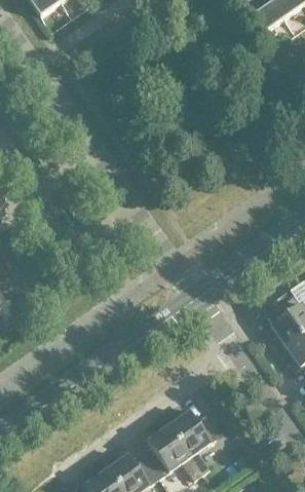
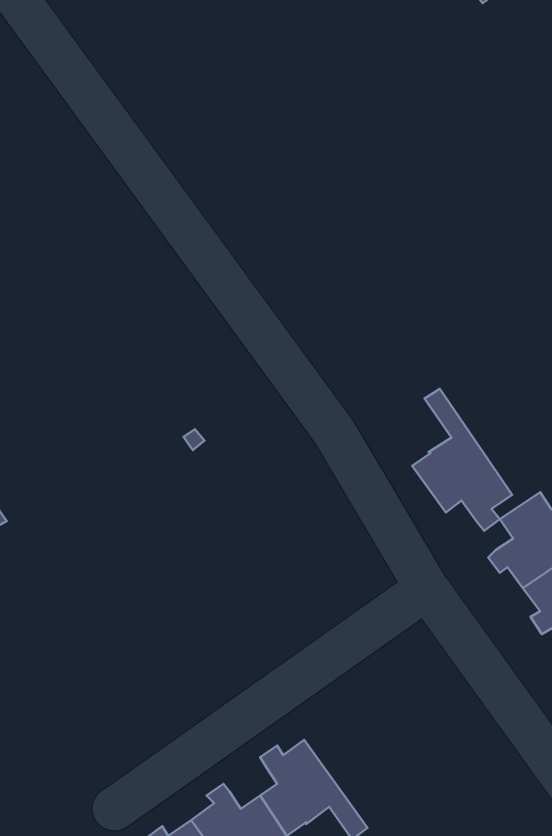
building: none -> [412,389,512,531]
building: [168,407,221,474] -> none

